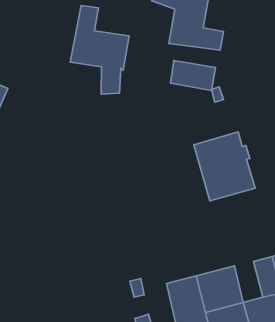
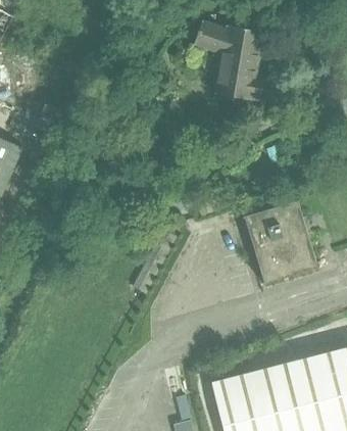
building: [70,5,129,94] -> none
building: [170,60,216,90] -> none
building: none -> [293,355,327,404]

